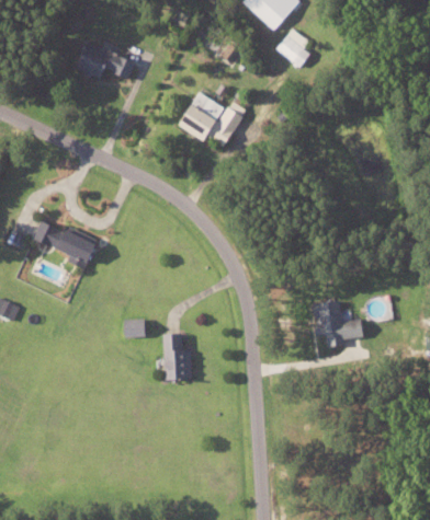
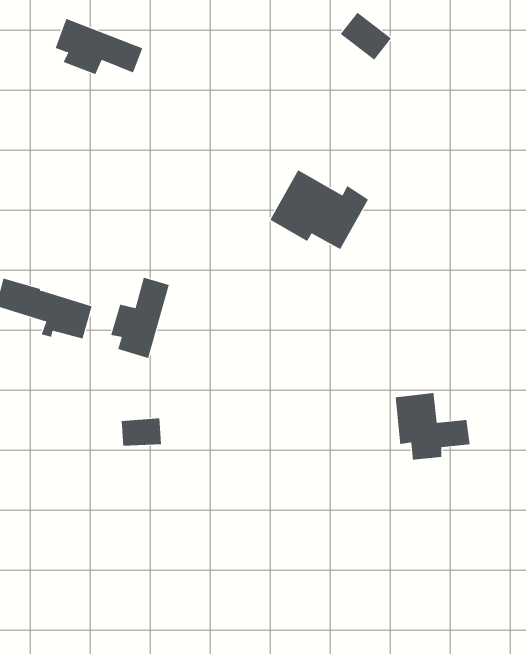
building: [177,90,246,146] -> [270,170,369,250]
building: none -> [111,277,170,359]
building: [163,333,192,380] -> none

